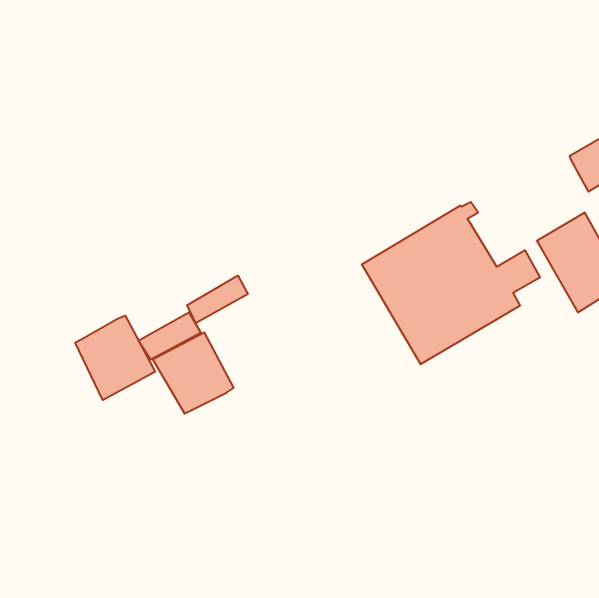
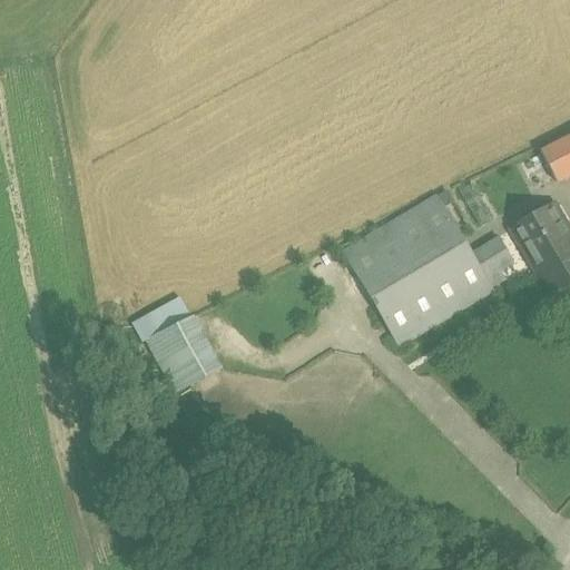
building: [187,276,248,323] -> none
building: [75,316,155,400] -> none

